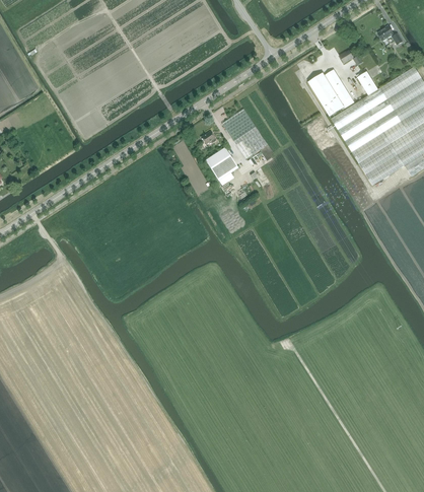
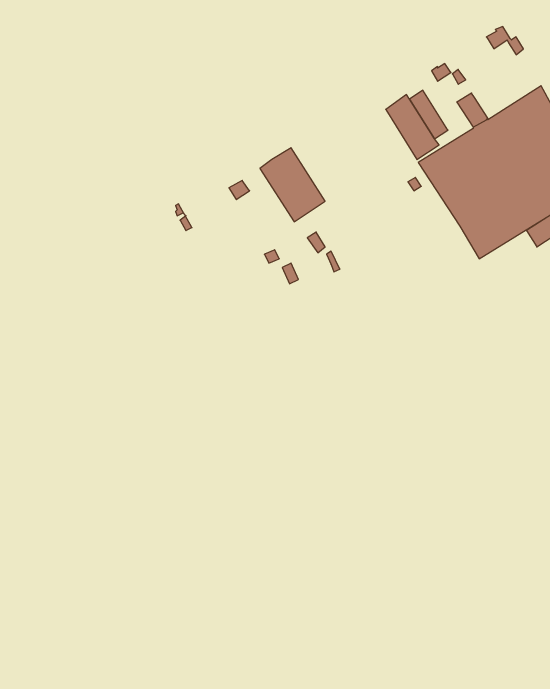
building: [205,147,238,180] -> none

